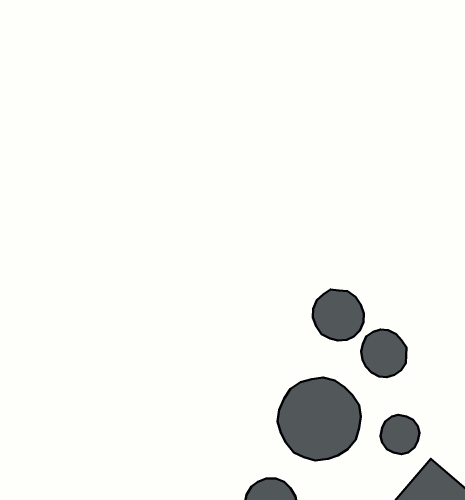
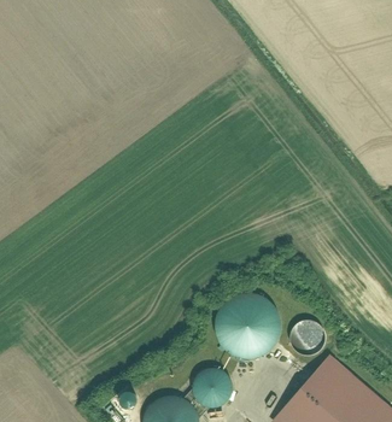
building: [313,290,364,341] -> none
building: [361,329,406,377] -> none

